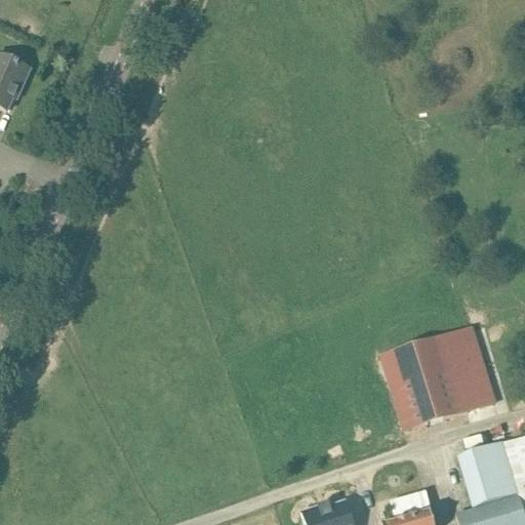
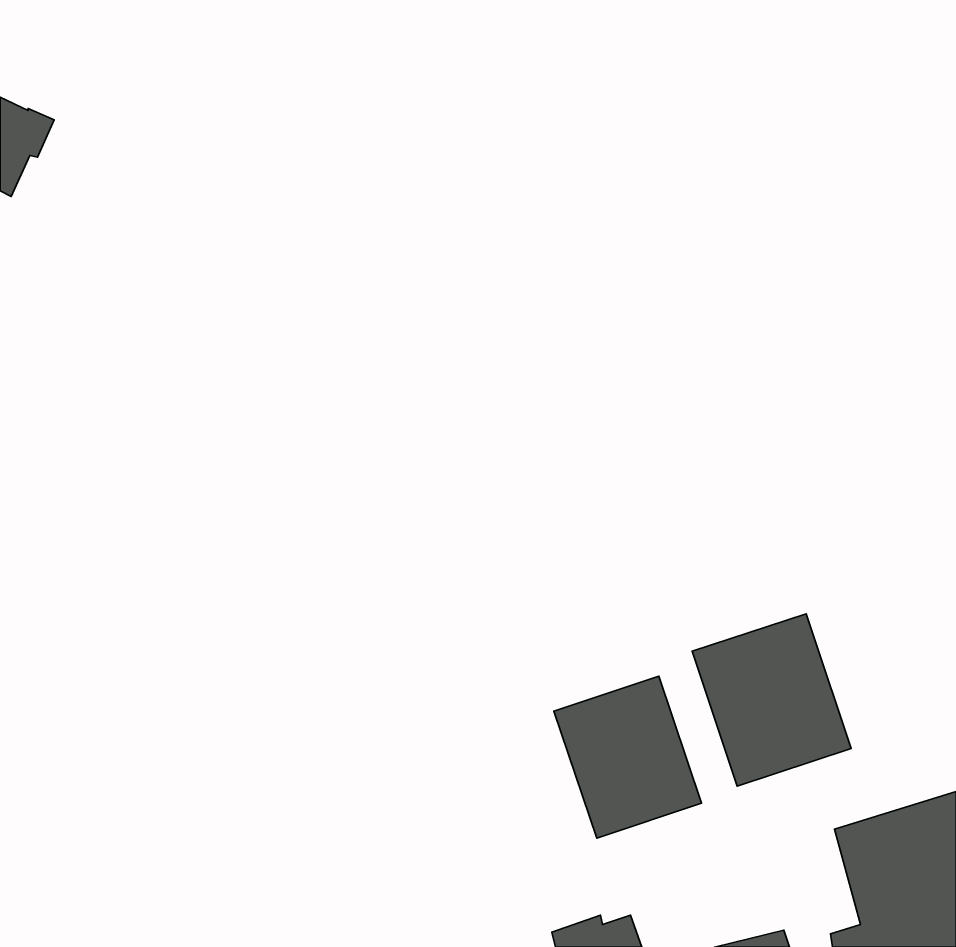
building: [445,336,493,410] -> none
building: none -> [554,676,702,838]

